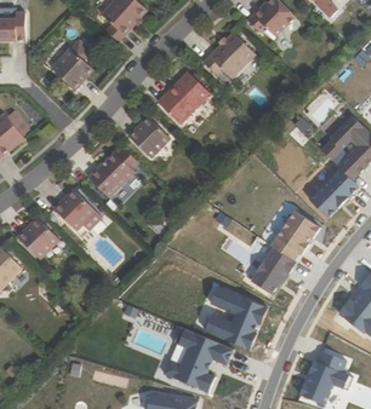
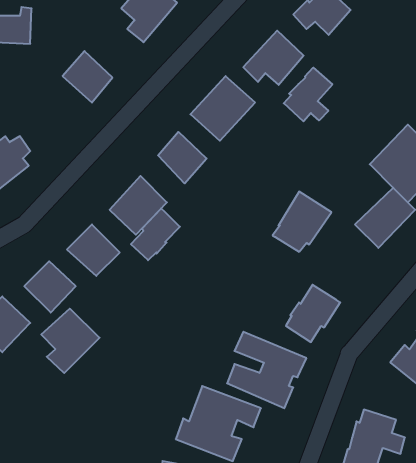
building: none -> [284,68,332,121]
building: none -> [131,208,180,260]
building: [263,207,312,257] -> [273,192,331,252]
building: none -> [41,309,100,373]

